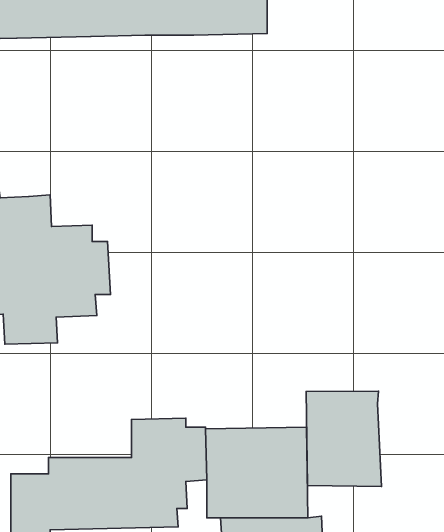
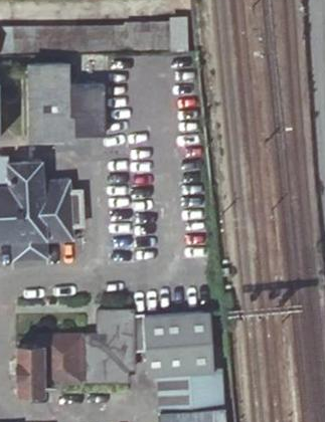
building: none -> [28,65,105,140]
building: [306,391,382,487] -> none

